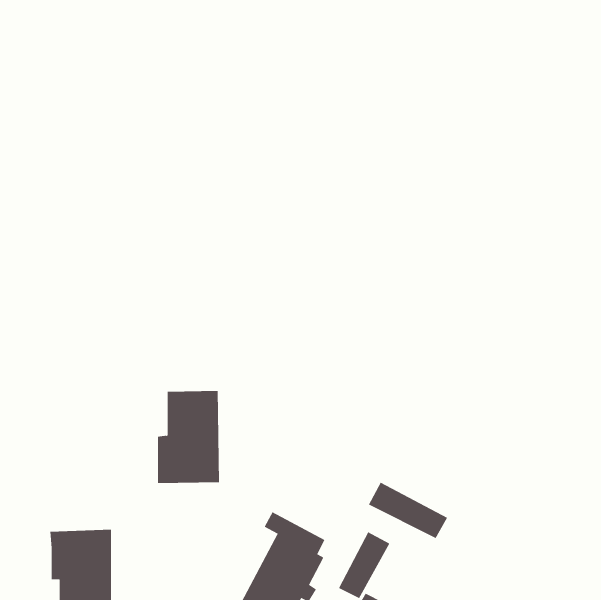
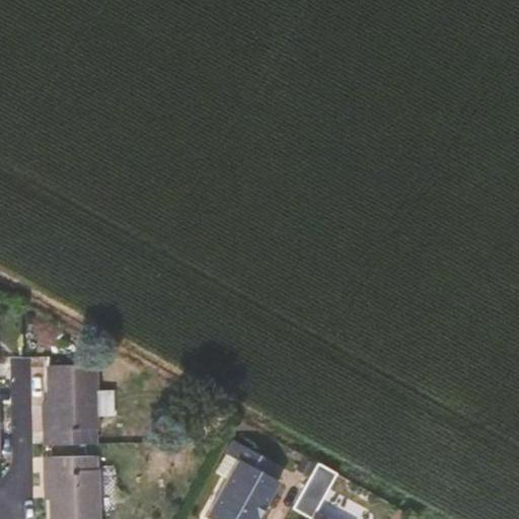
building: [157,390,220,484] -> [44,367,97,447]
building: [368,482,448,539] -> none

